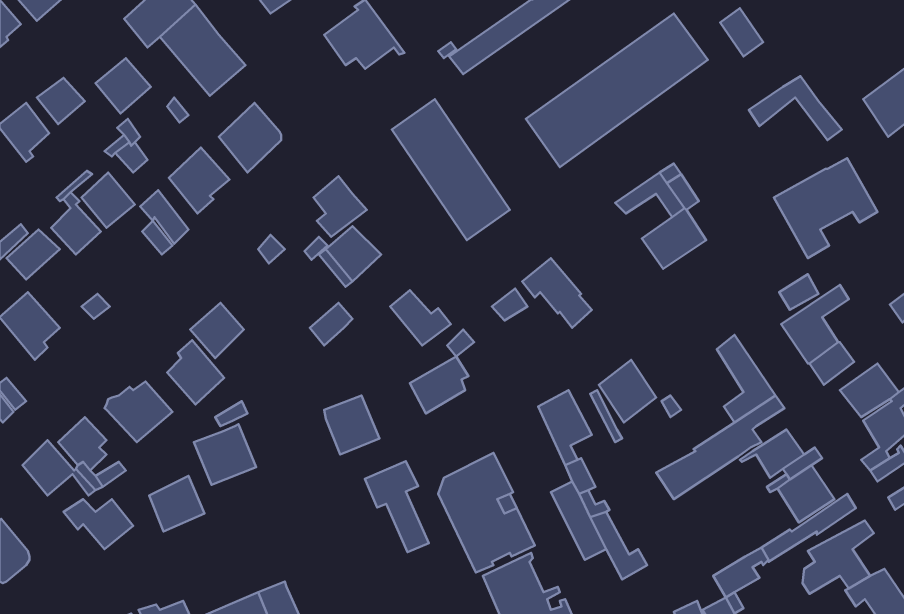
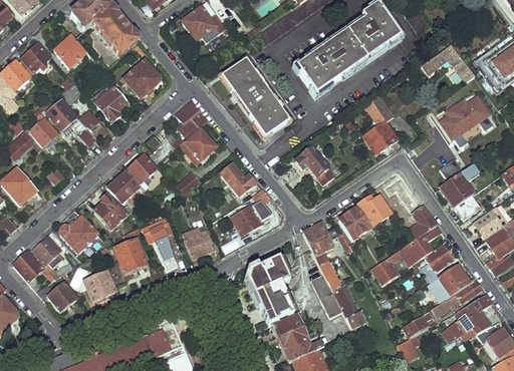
building: none -> [130,155,156,191]
building: none -> [358,195,391,225]
building: [365,461,429,552] -> [141,219,177,270]

